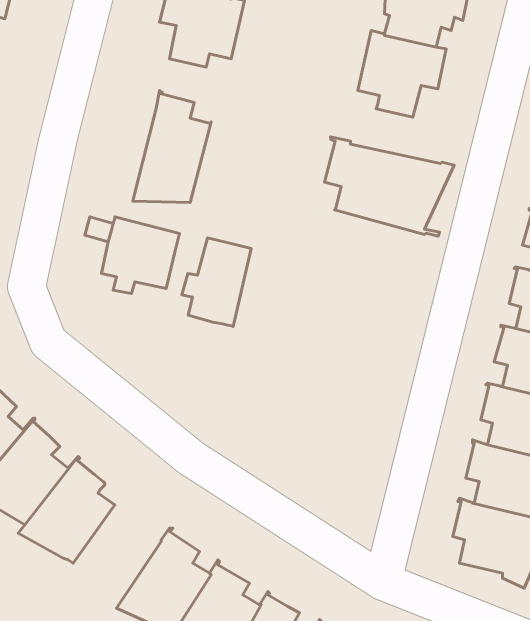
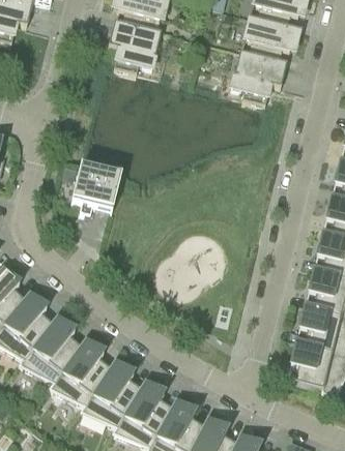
building: [133,90,211,203] -> none
building: [324,137,454,236] -> none
building: [182,238,251,326] -> none
building: none -> [50,337,109,409]

